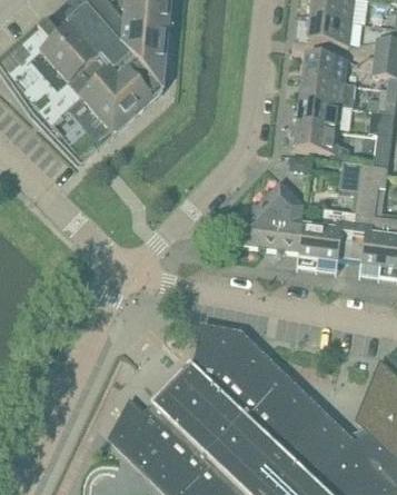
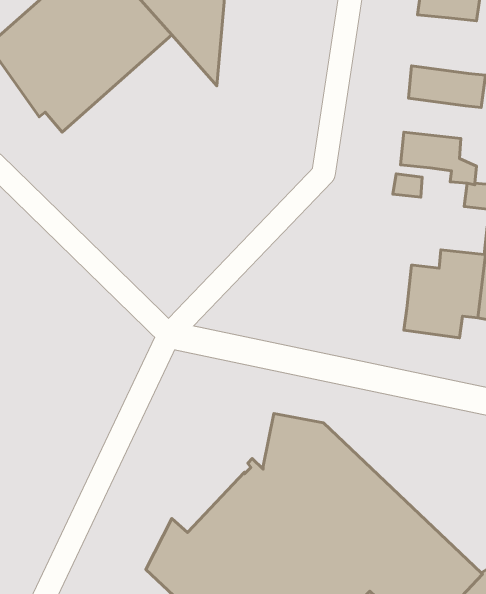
building: [302,53,347,82] -> none
building: [48,55,162,164] -> none
building: [297,100,341,129] -> none
building: [234,180,305,251] -> none

